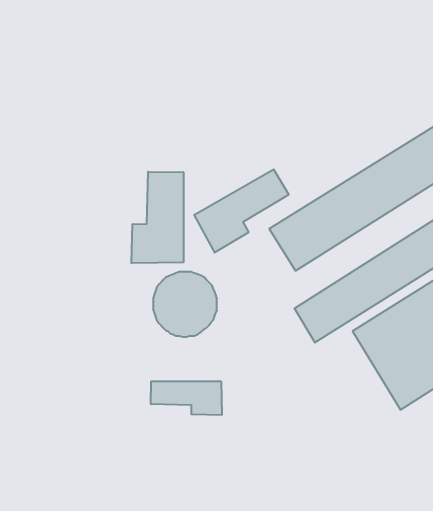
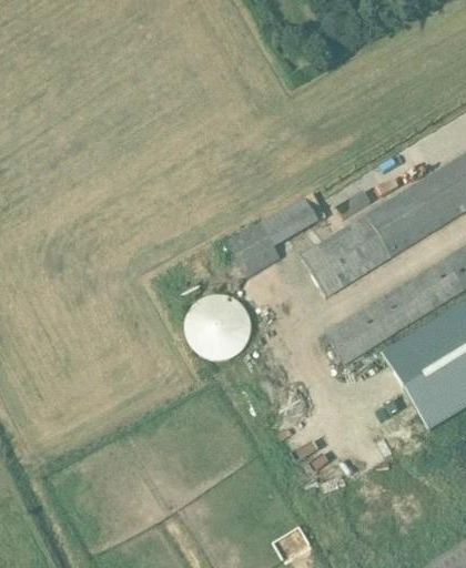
building: [132,172,183,263] -> none
building: [151,381,222,415] -> none

